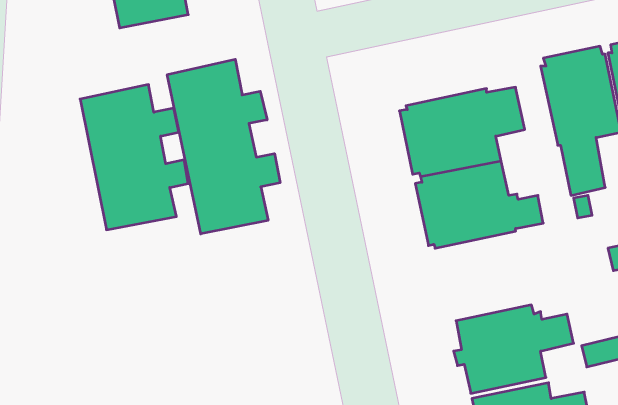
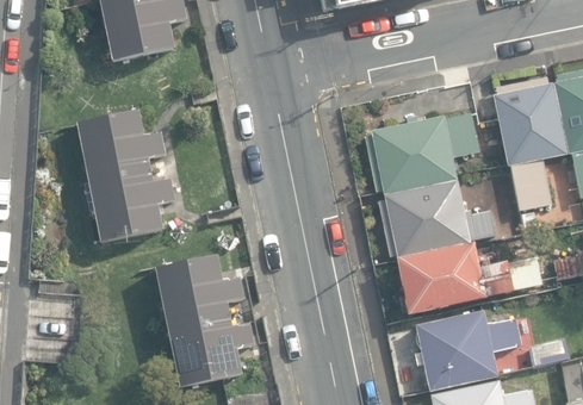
building: [167,59,280,234] -> none
building: none -> [395,242,541,313]
building: none -> [156,255,254,386]

